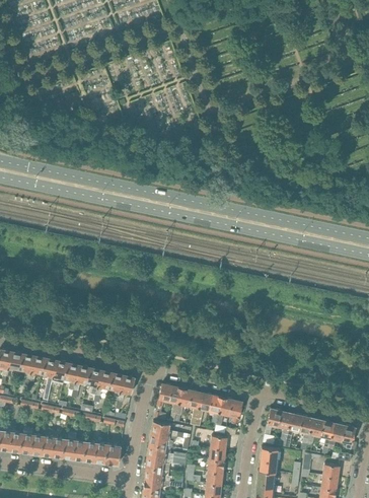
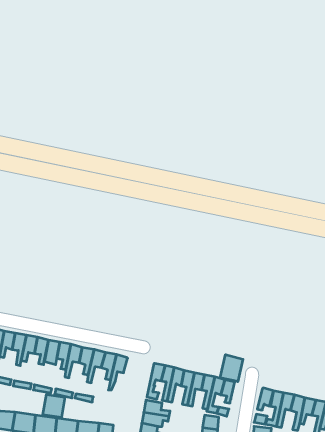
building: none -> [220,355,243,382]
building: none -> [43,395,65,417]

